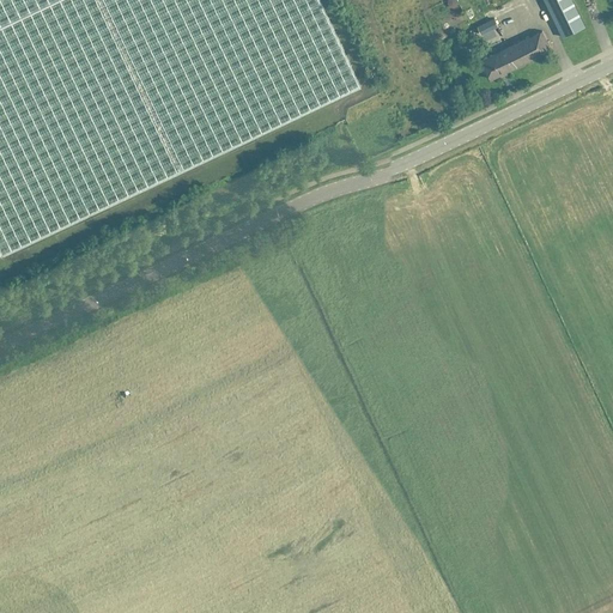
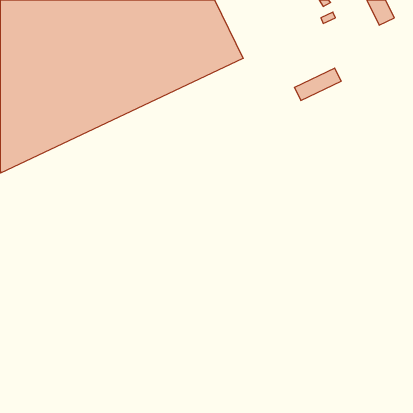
building: [481,31,551,79] -> [294,68,341,100]

